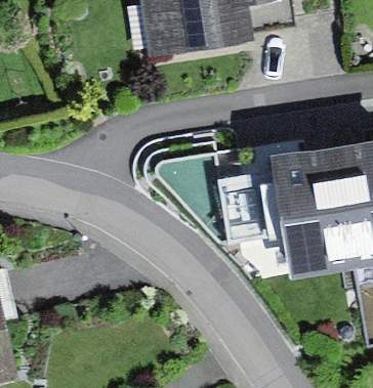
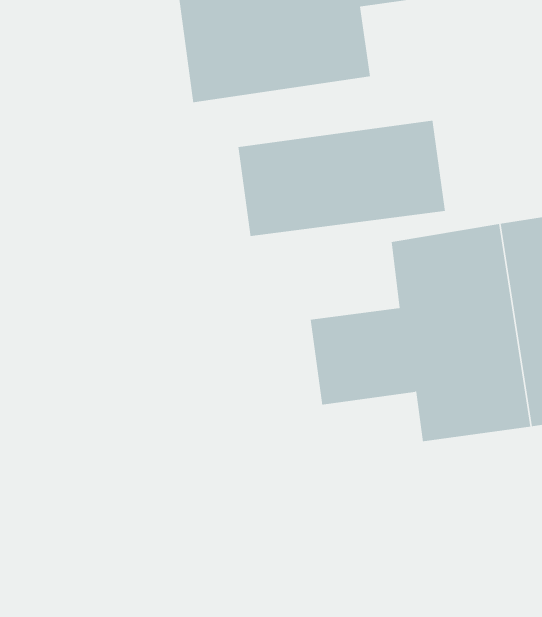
building: none -> [238,120,446,237]

